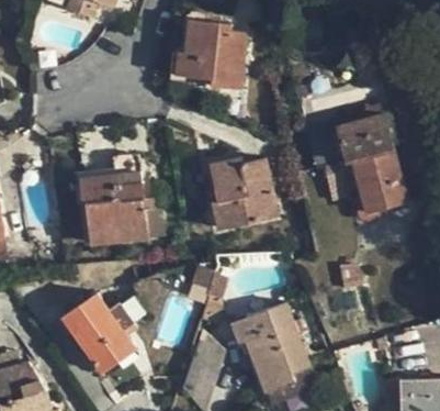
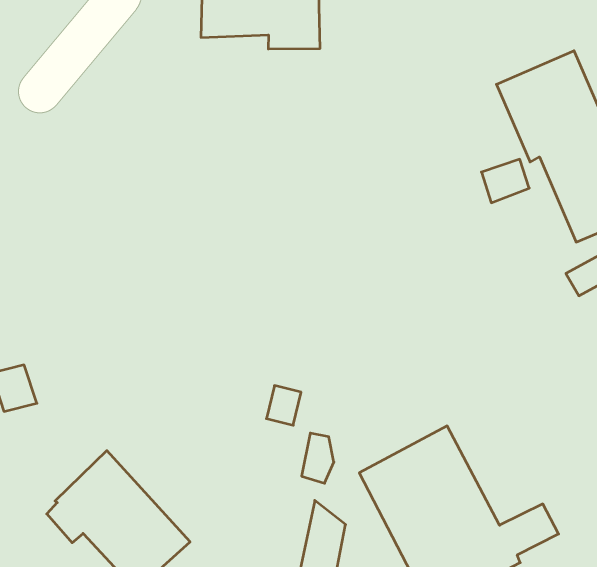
building: [210,156,278,229] -> none
building: [80,171,165,243] -> none

